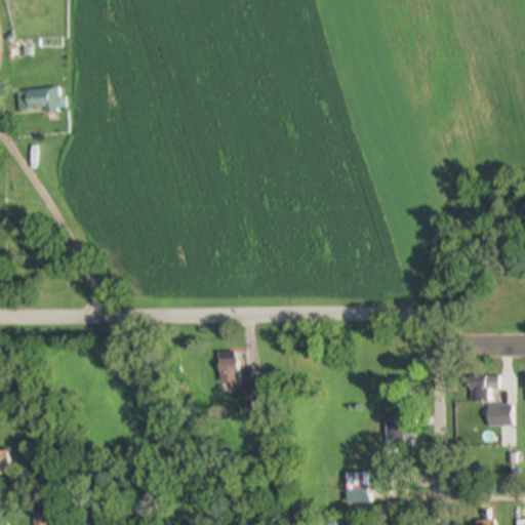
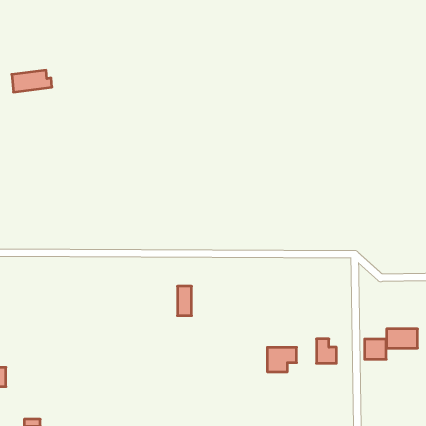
building: [468,375,494,400] -> [365,339,386,359]
building: [345,473,380,502] -> [267,347,297,372]

